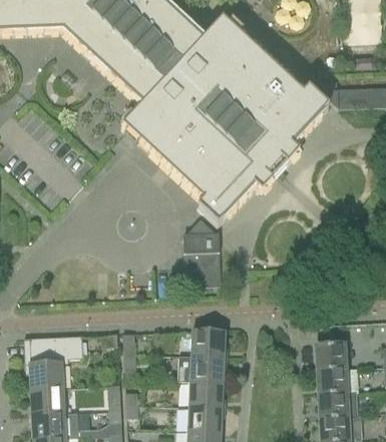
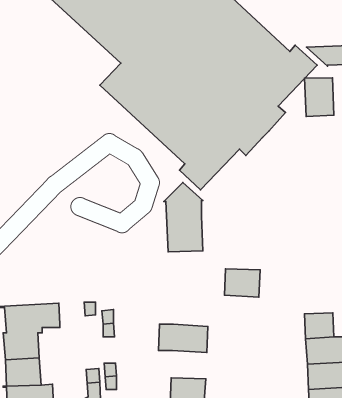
building: none -> [305,78,334,116]
building: [192,328,227,355] -> [224,269,260,297]
building: [190,378,225,405] -> none

